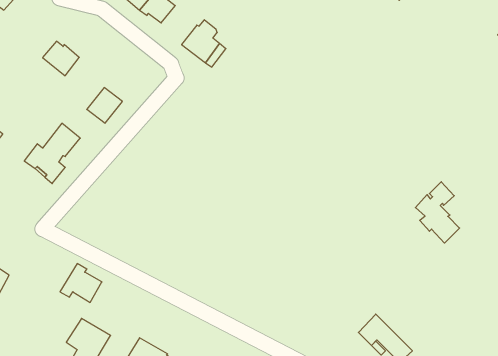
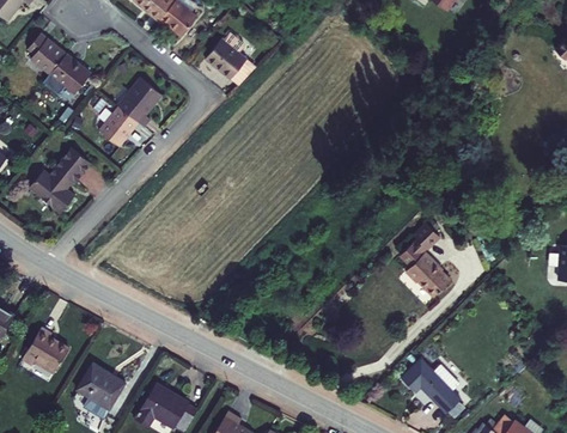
building: none -> [28,33,66,74]
building: none -> [117,77,161,127]
building: [415,182,460,243] -> [401,227,450,295]
building: [60,264,102,302] -> [22,328,68,371]

